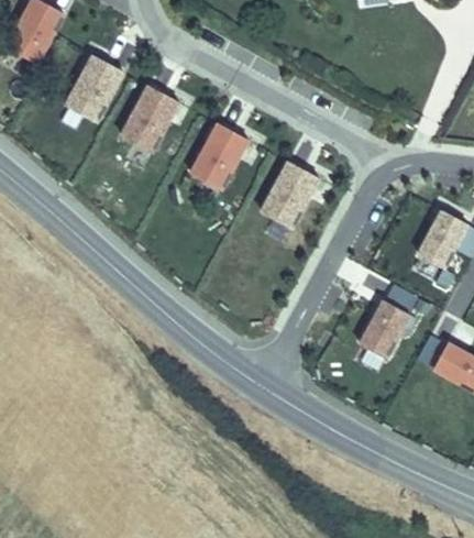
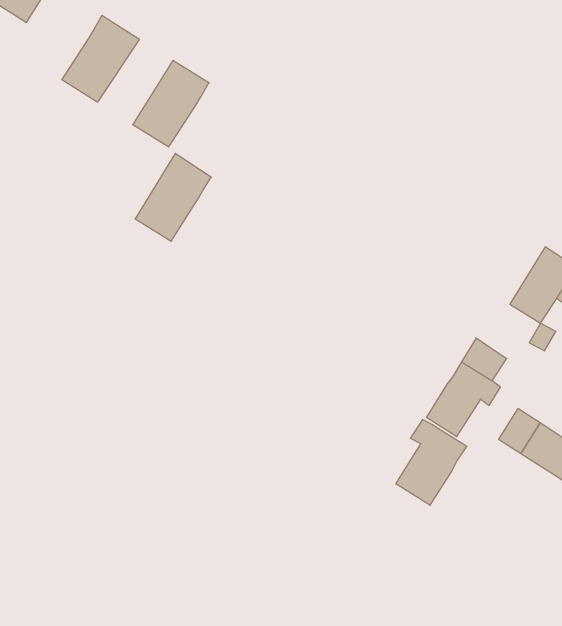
building: [191,122,247,189] -> [135,153,211,241]
building: [262,161,318,228] -> none
building: none -> [396,419,467,505]

